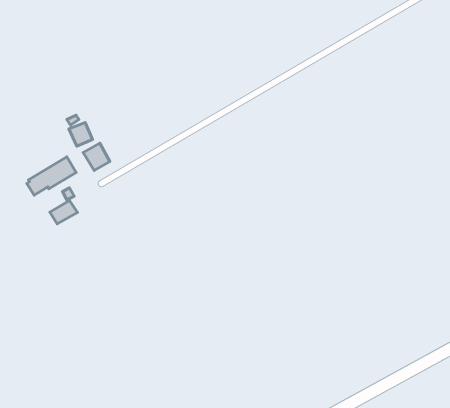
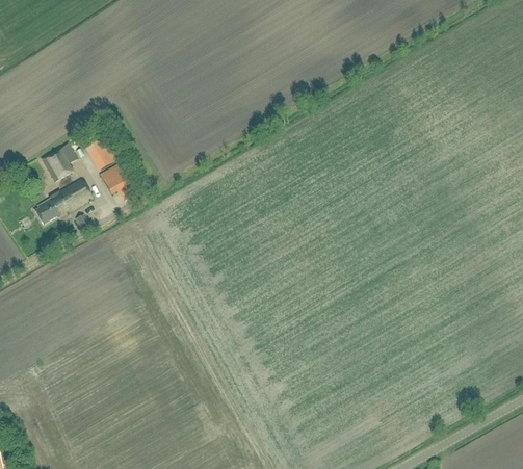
building: none -> [42,148,75,183]
building: [50,201,77,224] -> none

